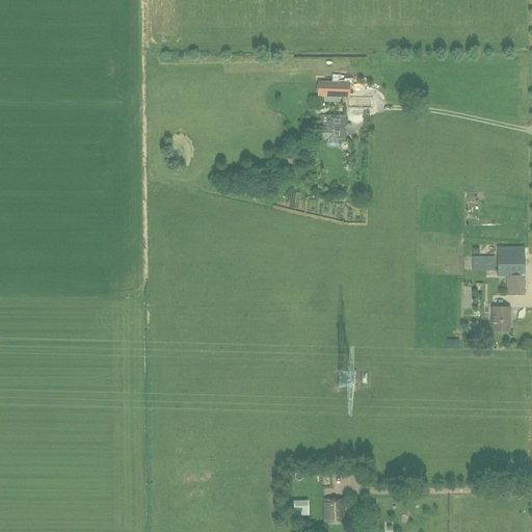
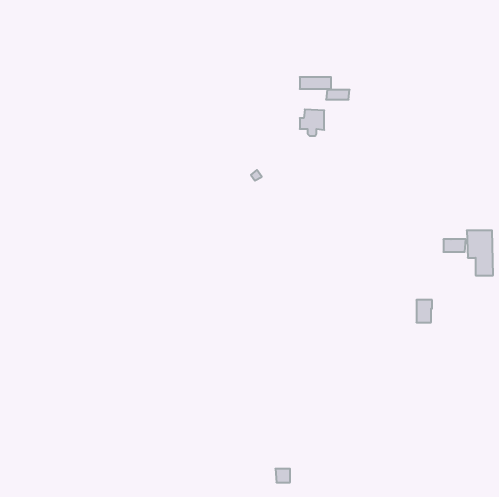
building: [493,305,509,329] -> [416,300,432,322]
building: [324,498,343,522] -> none

